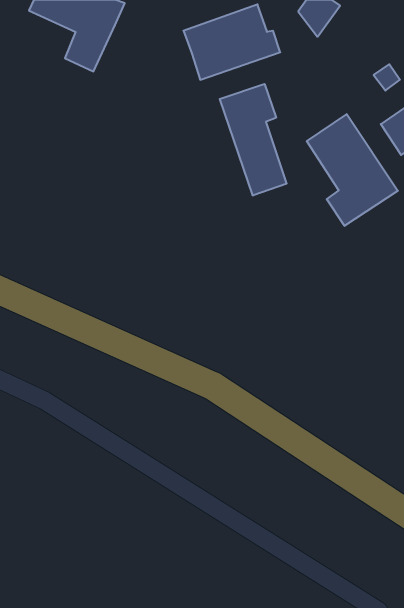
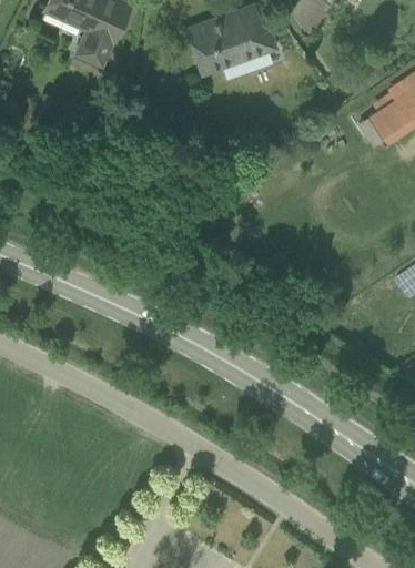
building: [220,84,287,196] -> none
building: [307,114,398,226] -> none

